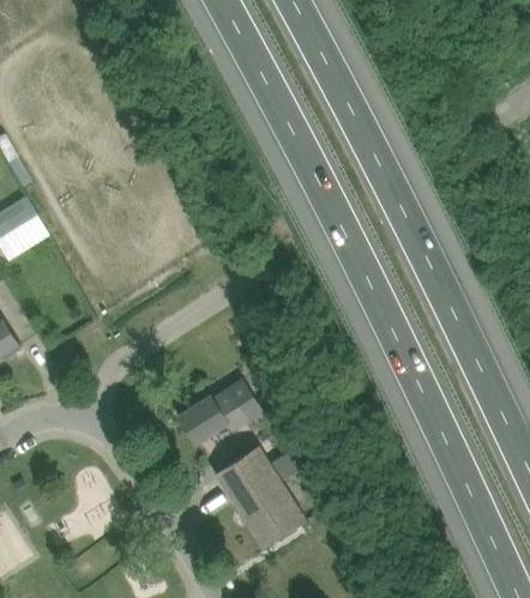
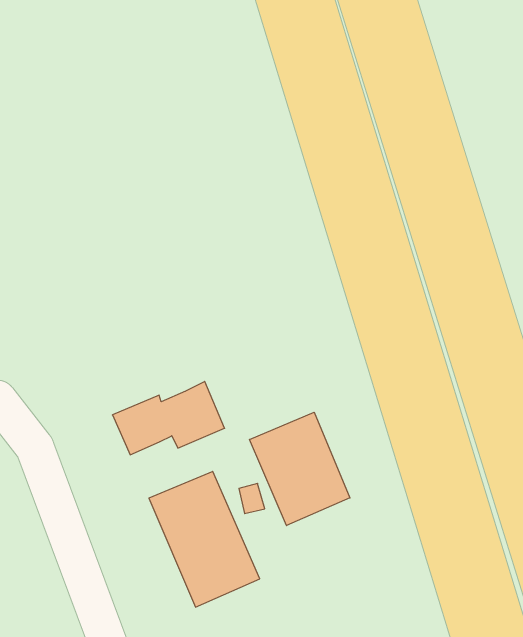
building: none -> [250,412,350,526]

